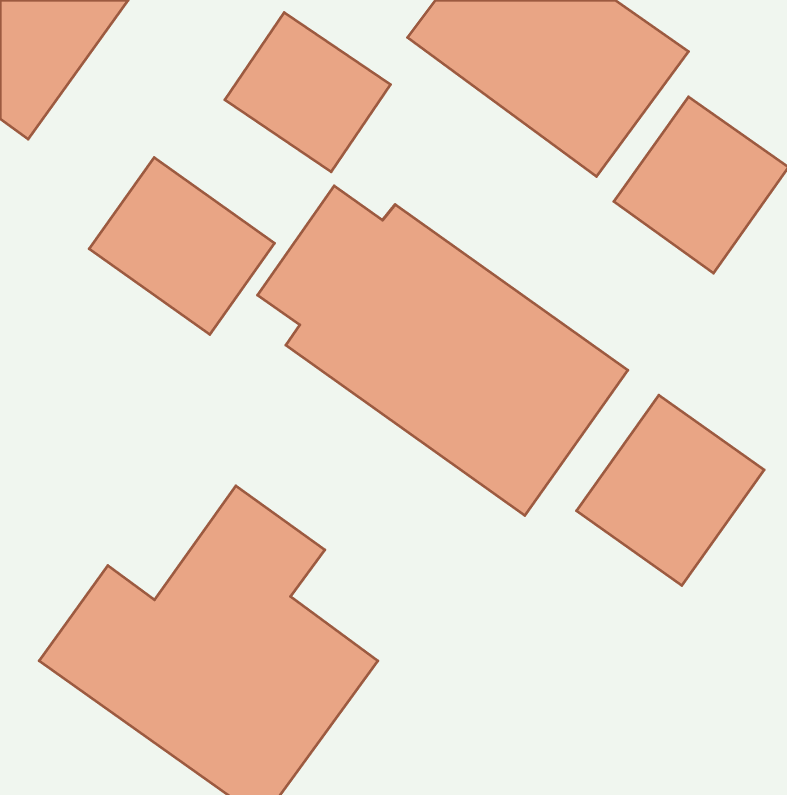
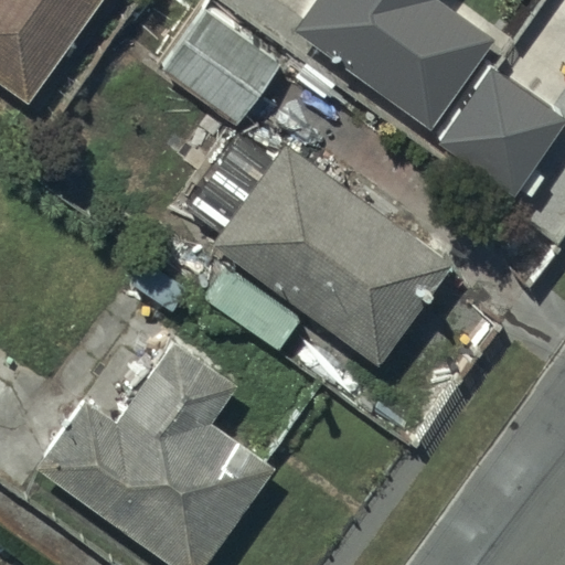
building: [89,157,275,335] -> none
building: [576,395,764,586] -> none

